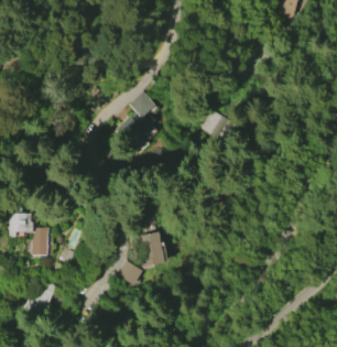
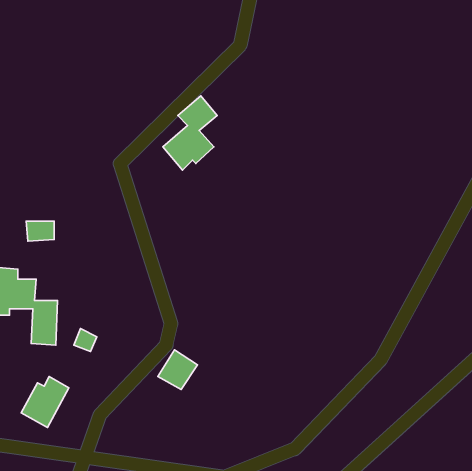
building: [199,112,233,143] -> none
building: [138,232,164,268] -> none

